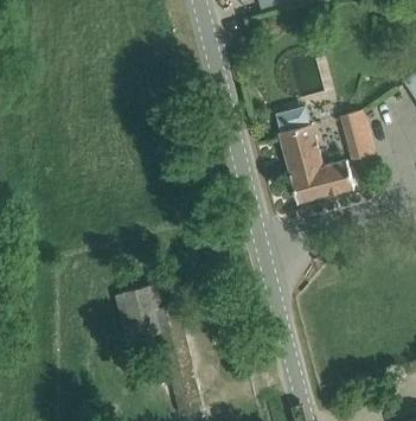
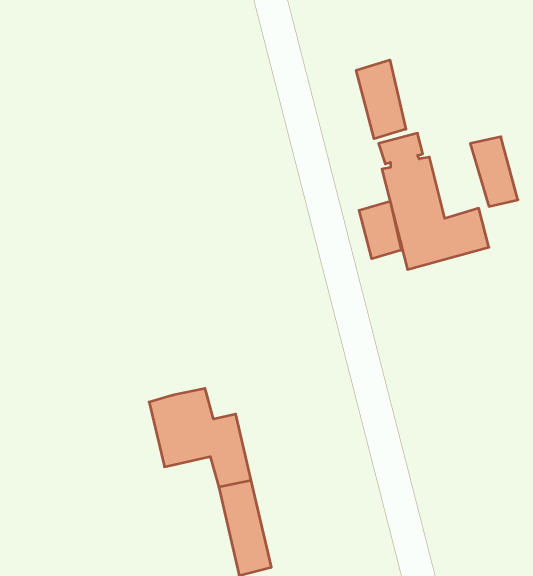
building: none -> [356,60,406,139]
building: none -> [359,201,401,259]

